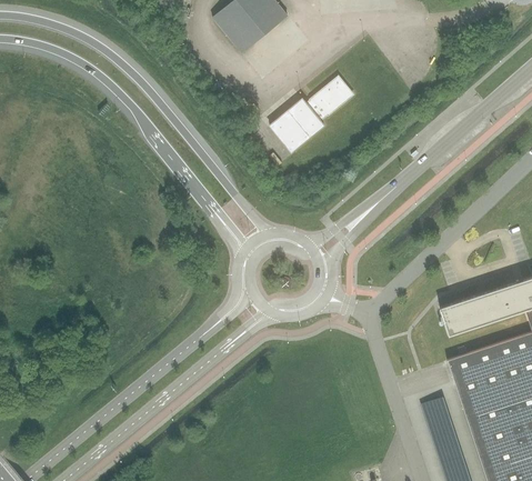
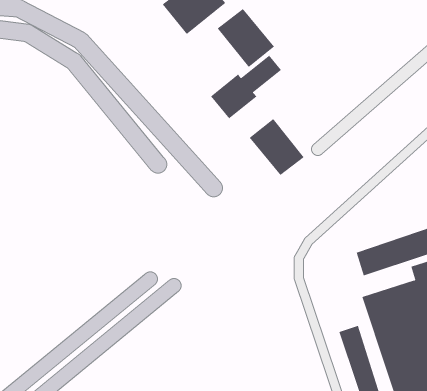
building: none -> [217,8,275,68]
building: none -> [249,118,305,176]

